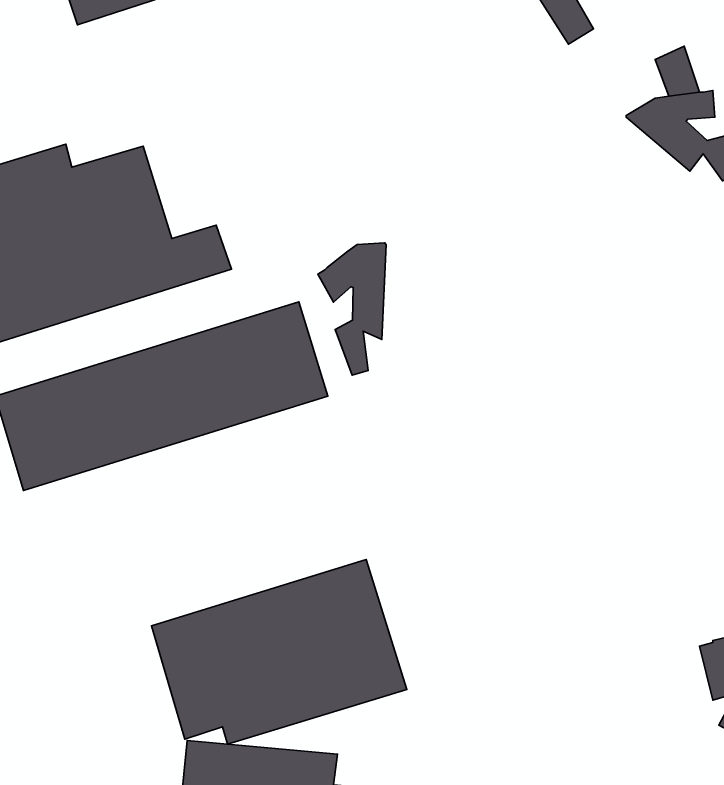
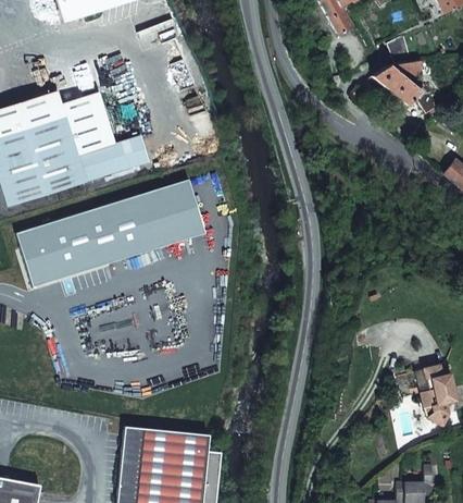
building: [318,243,386,375] -> none
building: [152,559,407,744] -> none

